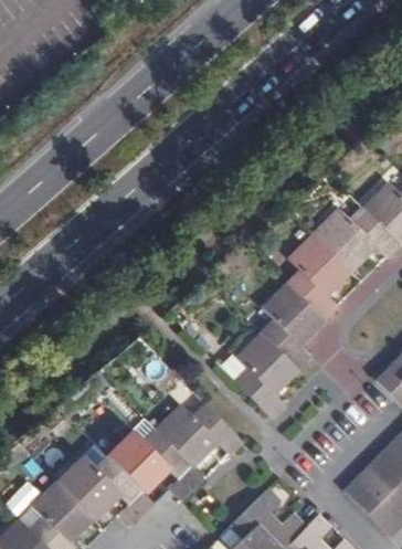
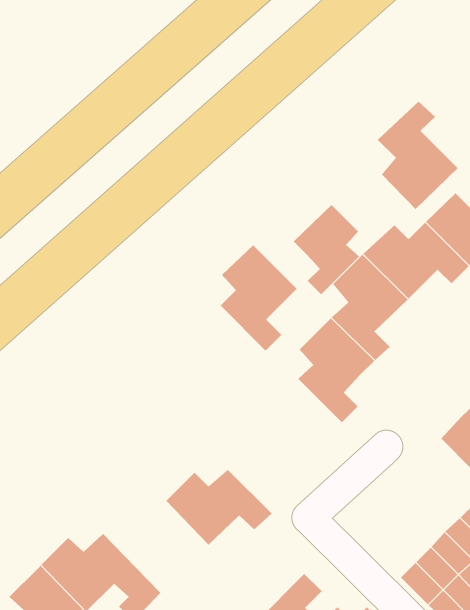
building: none -> [377,101,459,210]
building: none -> [293,204,360,295]
building: [235,332,297,418] -> [220,244,298,351]
building: [107,430,203,499] -> none

